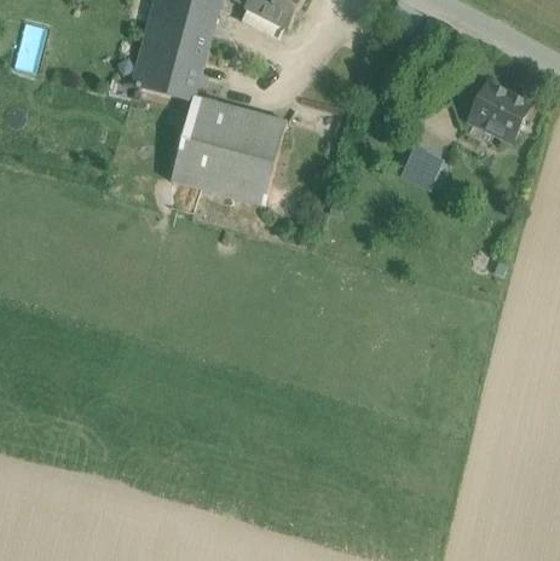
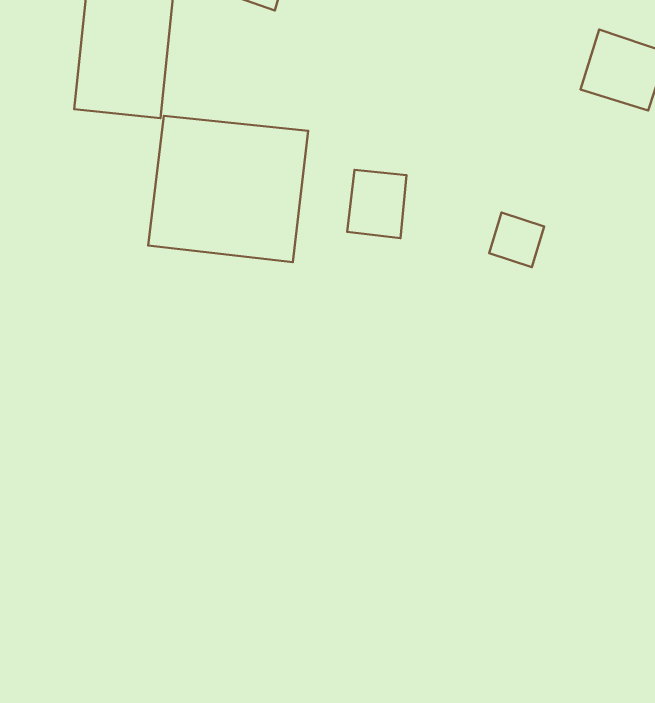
building: [402,148,440,186] -> [489,213,544,267]
building: none -> [347,170,406,238]

